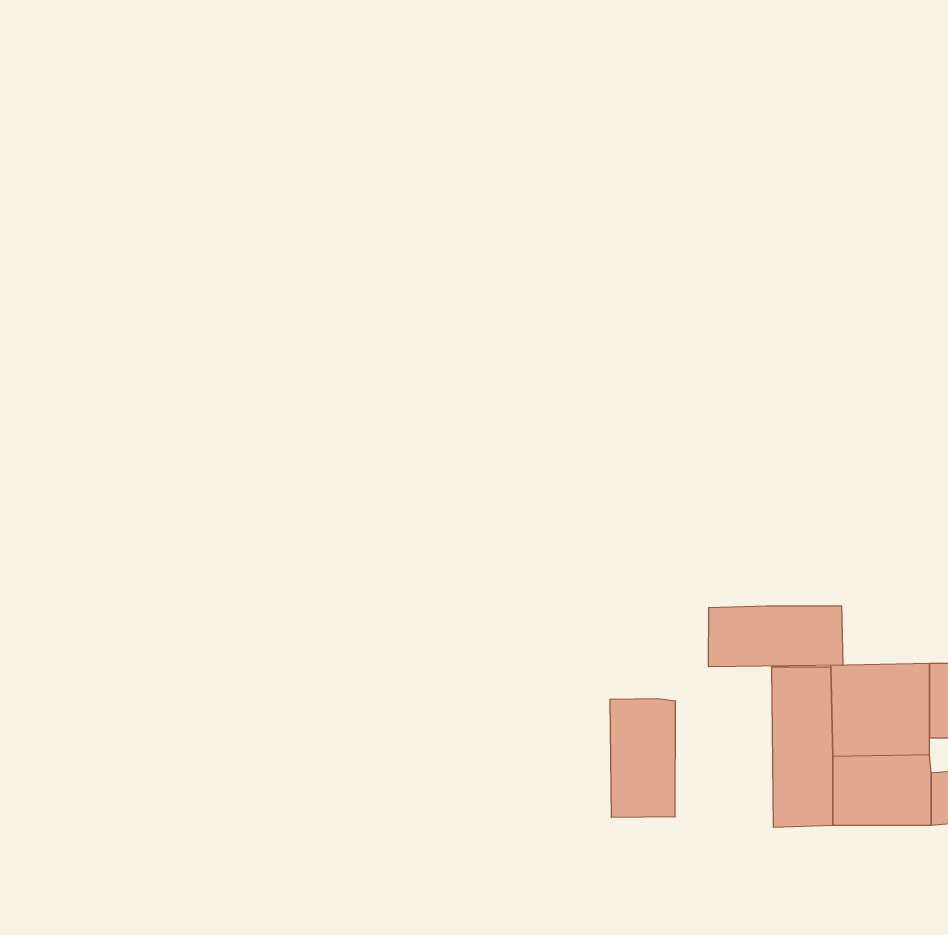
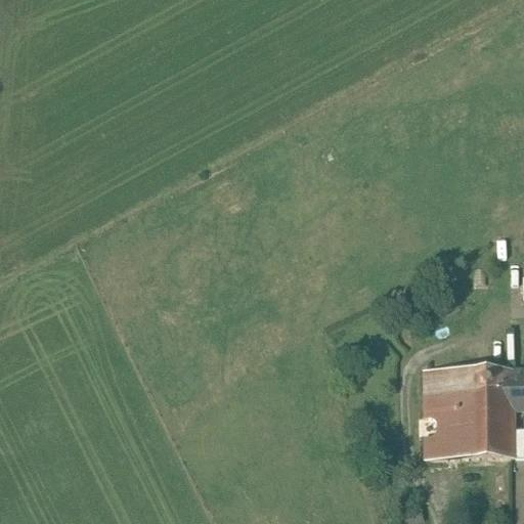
building: [708,606,843,667] -> none
building: [610,699,675,818] -> none

